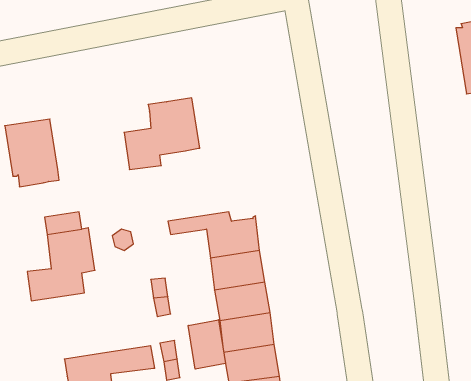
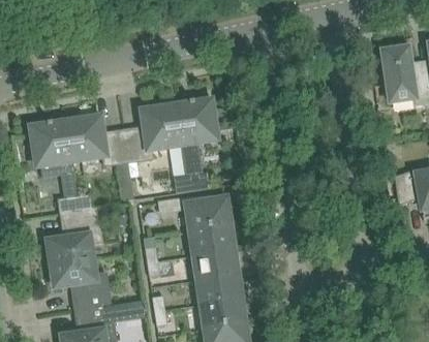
building: none -> [174,99,215,191]
building: none -> [64,116,126,164]
building: none -> [50,256,109,308]
building: [188,320,225,369] -> none

